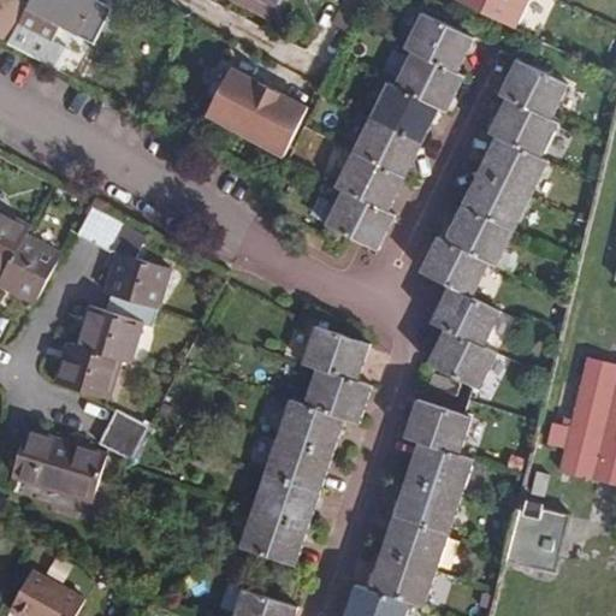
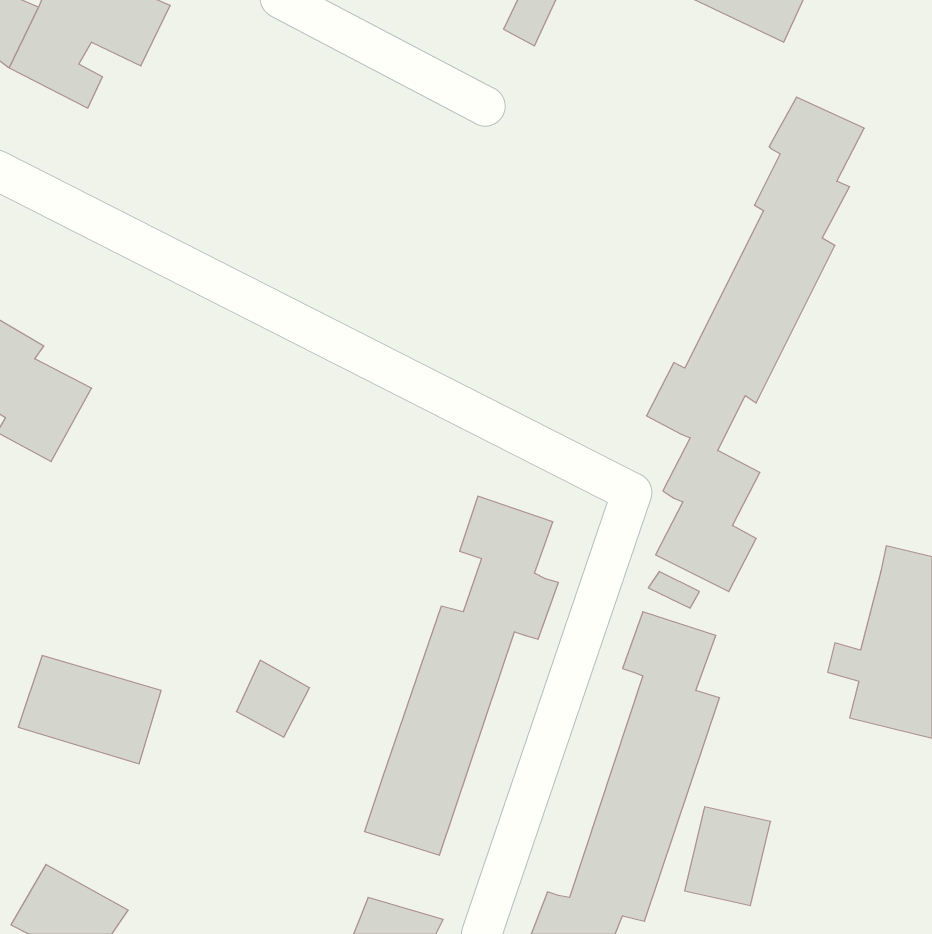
building: [326,13,468,247] -> none
building: [205,69,307,155] -> none
building: [55,206,168,398] -> none
building: [100,408,148,458] -> [236,660,310,737]
building: [509,511,565,576] -> [685,807,771,906]

